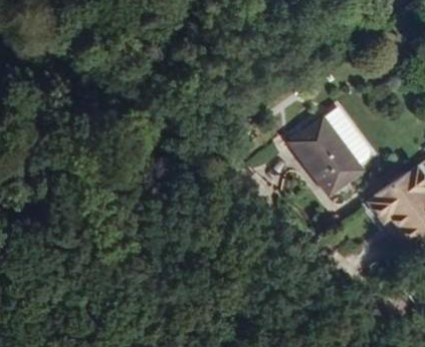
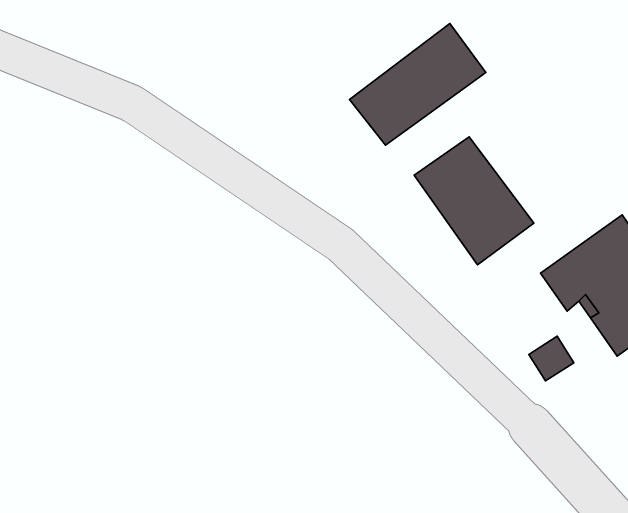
building: none -> [349,23,486,145]

